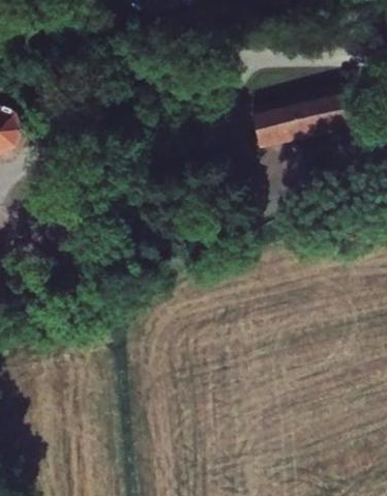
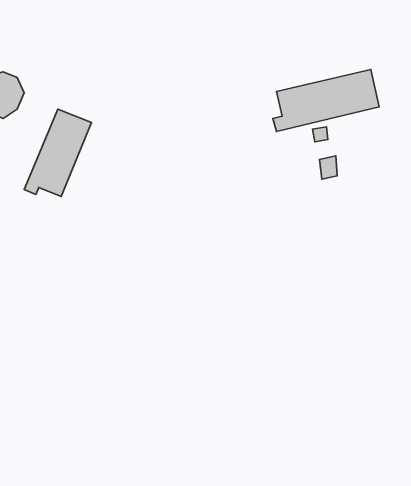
building: none -> [24,109,91,197]

